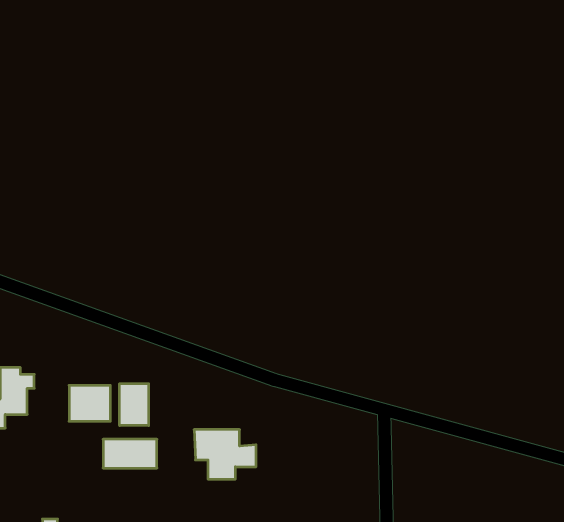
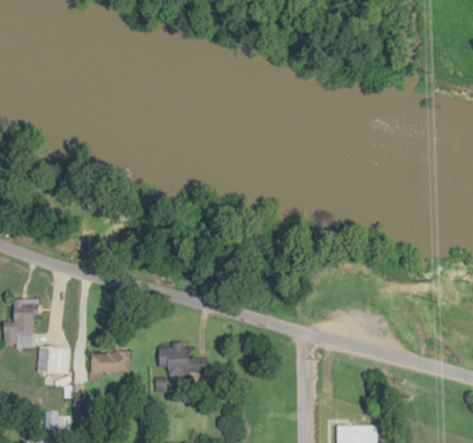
building: [120,384,149,426] -> none
building: [69,385,110,421] -> [39,347,70,373]

